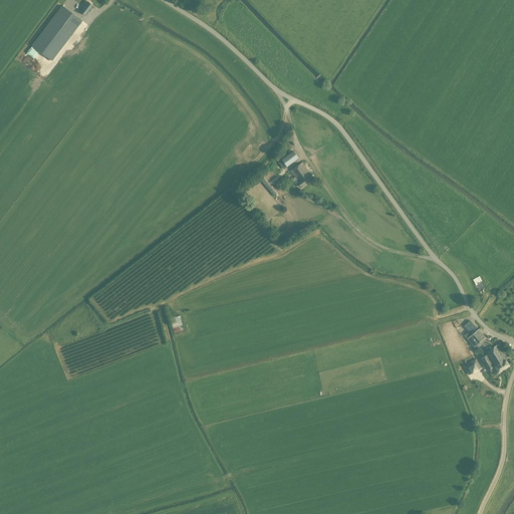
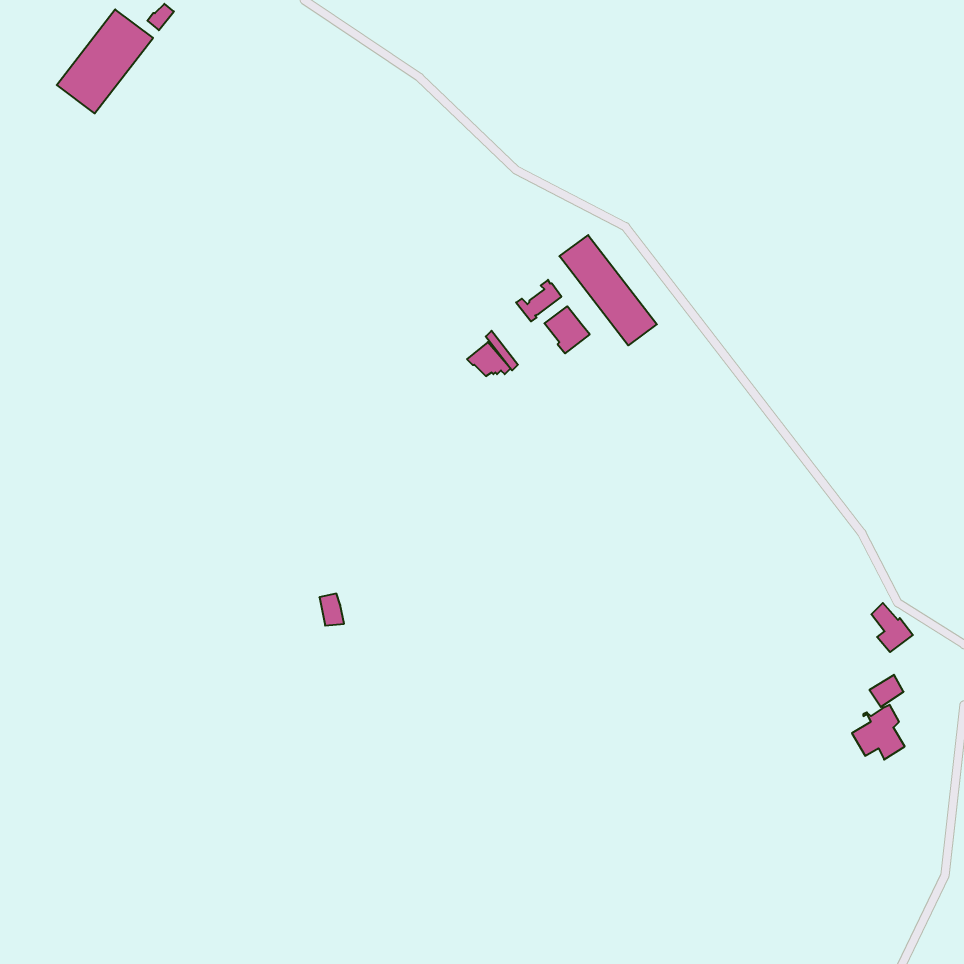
building: none -> [559,235,657,345]
building: [480,344,508,373] -> [852,705,905,760]

